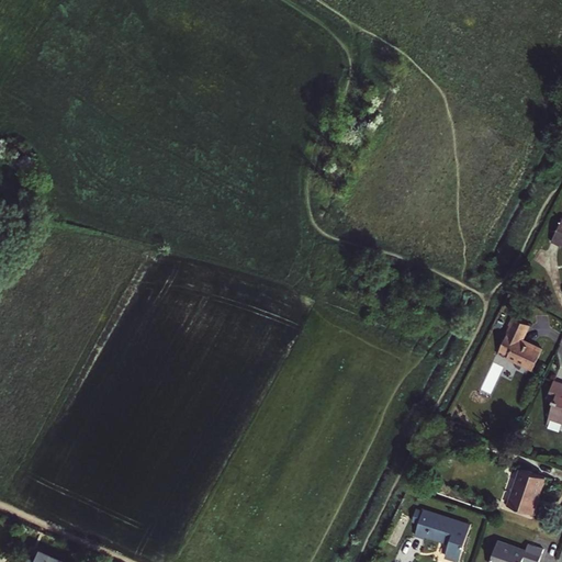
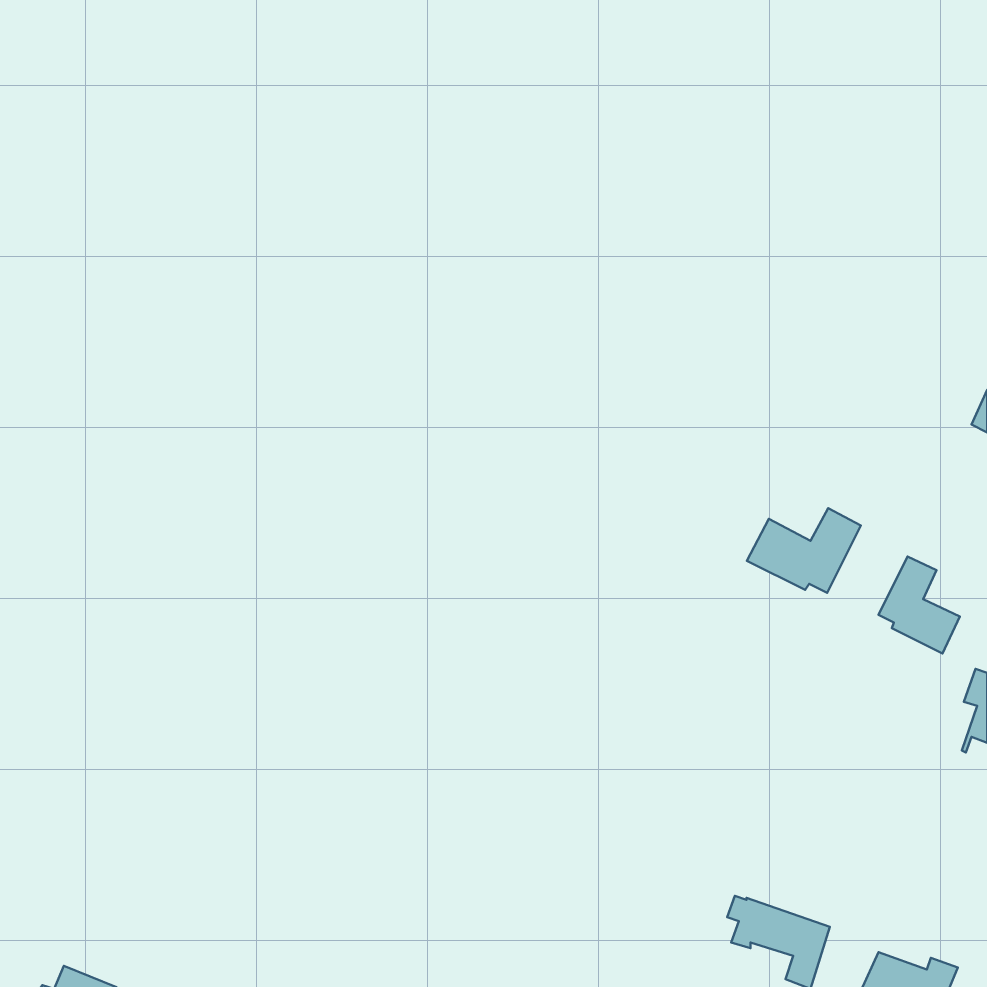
building: none -> [747,508,861,593]
building: [506,468,544,510] -> none

